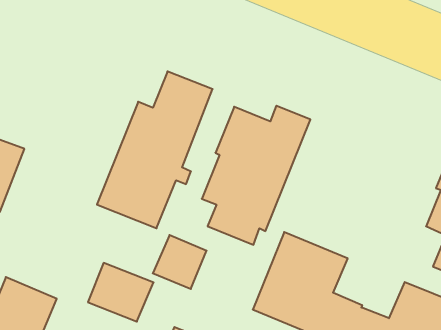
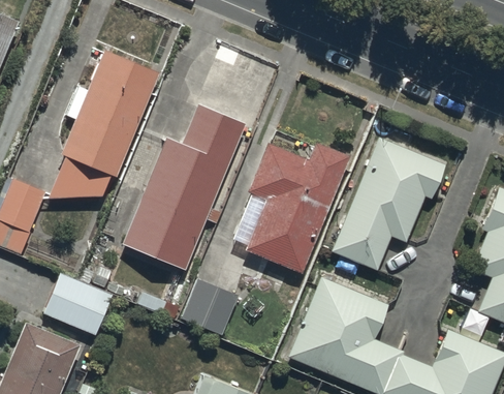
building: none -> [50,49,160,198]
building: none -> [330,137,444,271]
building: [88,263,154,322] -> [44,272,114,334]

